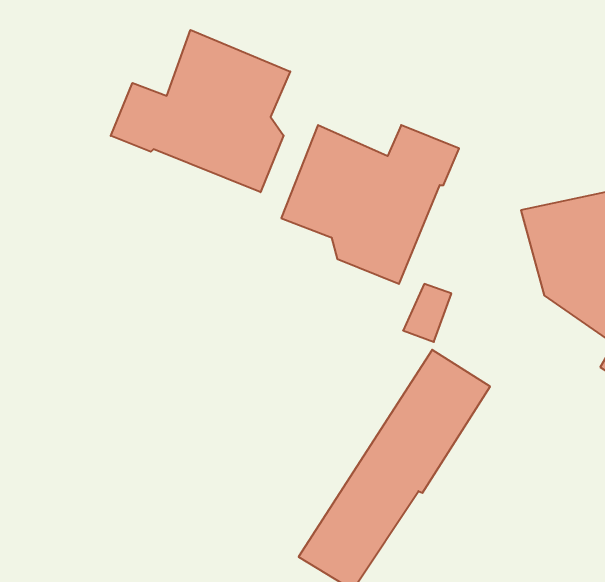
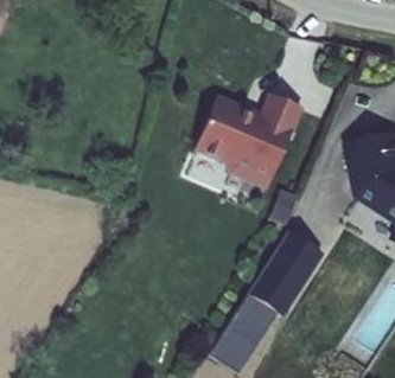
building: [111,30,290,192] -> none

